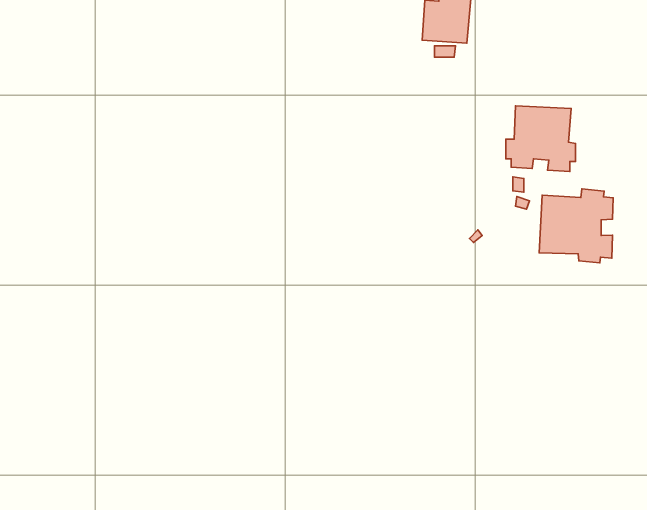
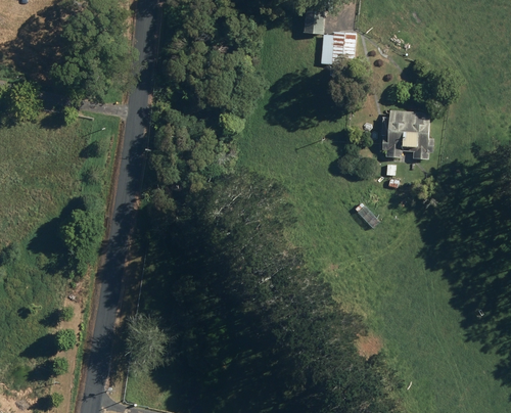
building: [539,189,613,263] -> none

